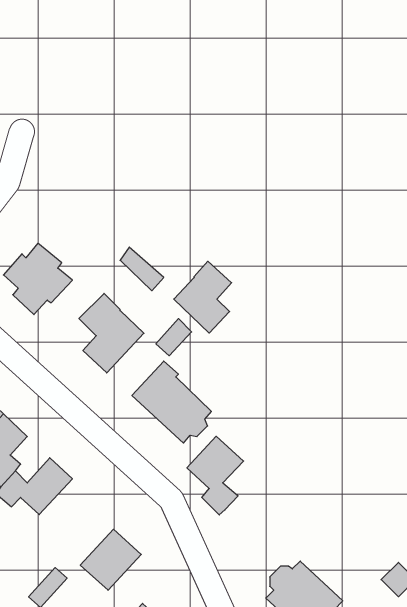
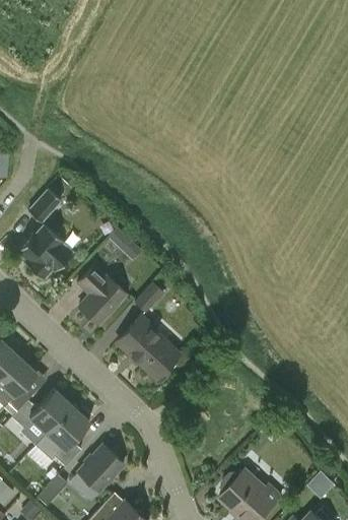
building: none -> [27,190,60,223]
building: [174,261,232,333] -> none
building: [187,436,244,515] -> none
building: none -> [36,406,89,467]

